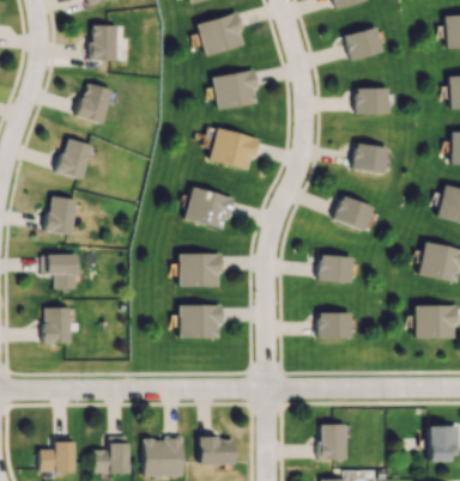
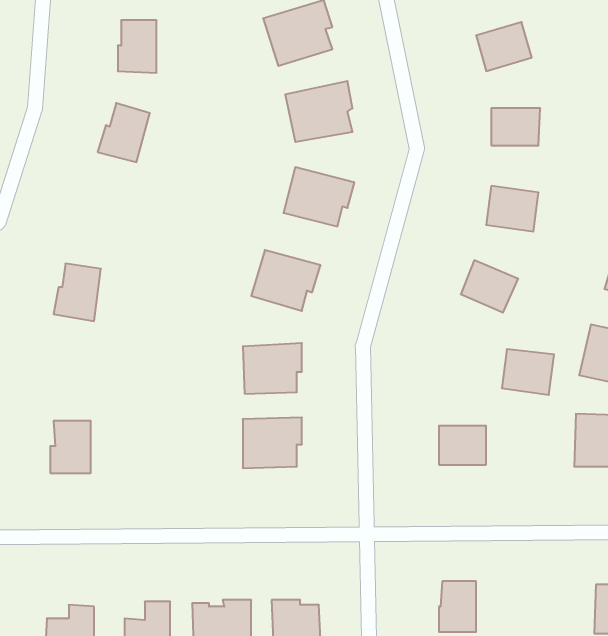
building: [56,138,92,181] -> none
building: [316,254,353,286] -> [502,349,554,395]
building: [42,256,78,291] -> none

